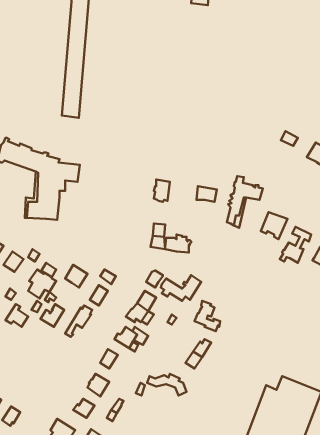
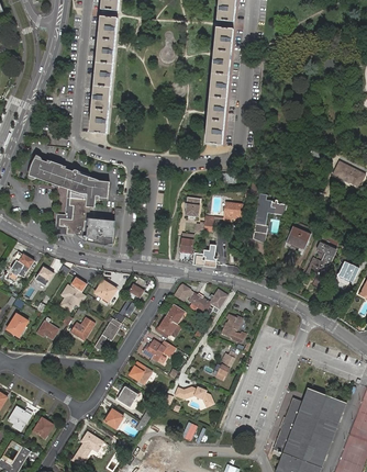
building: none -> [208,27,234,145]
building: none -> [76,213,114,241]

